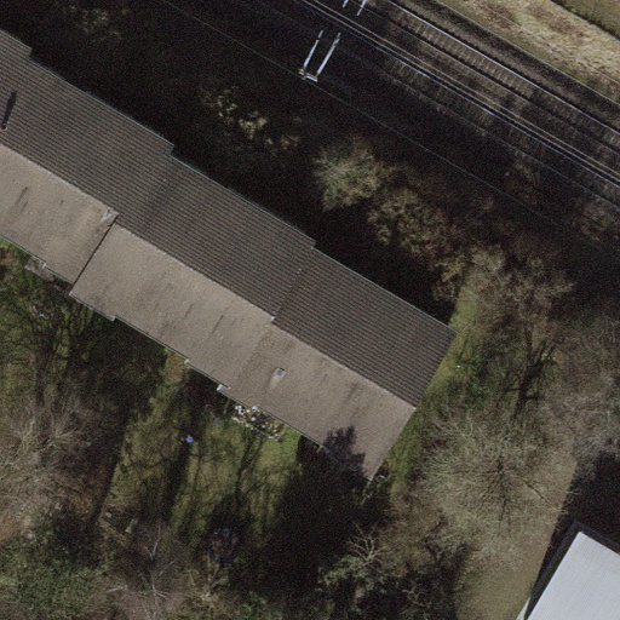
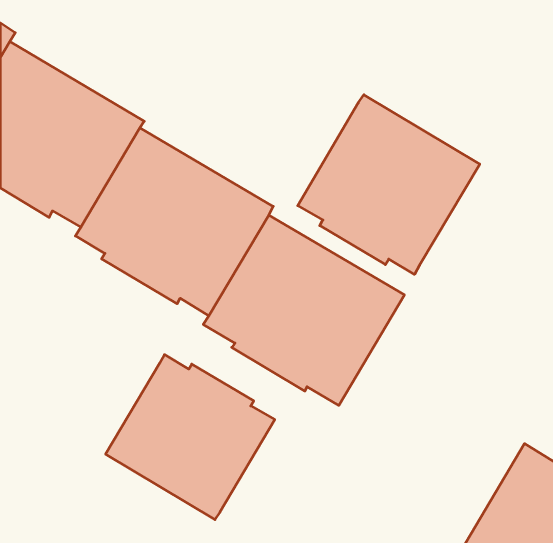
building: none -> [298,95,480,274]
building: none -> [106,355,275,520]

